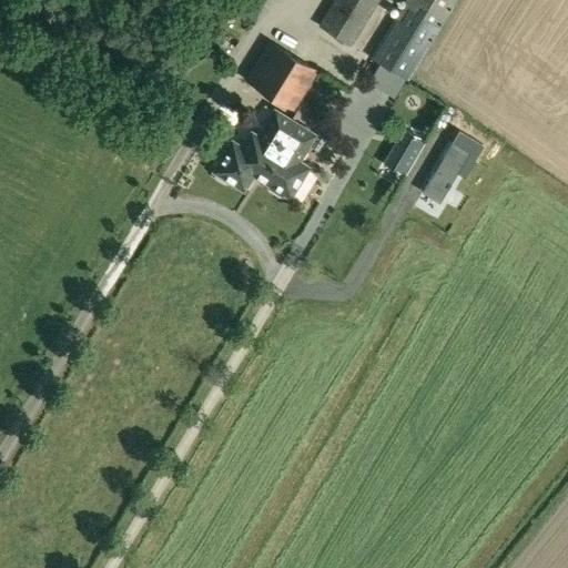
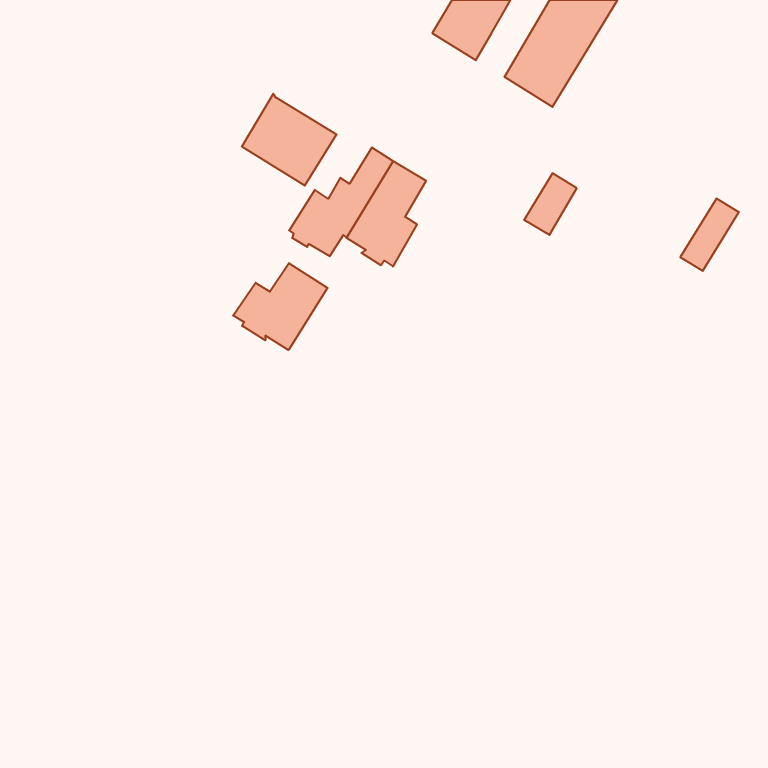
building: [247,41,317,109] -> [242,94,337,186]
building: [427,141,470,194] -> [680,199,739,271]
building: none -> [233,263,328,350]

